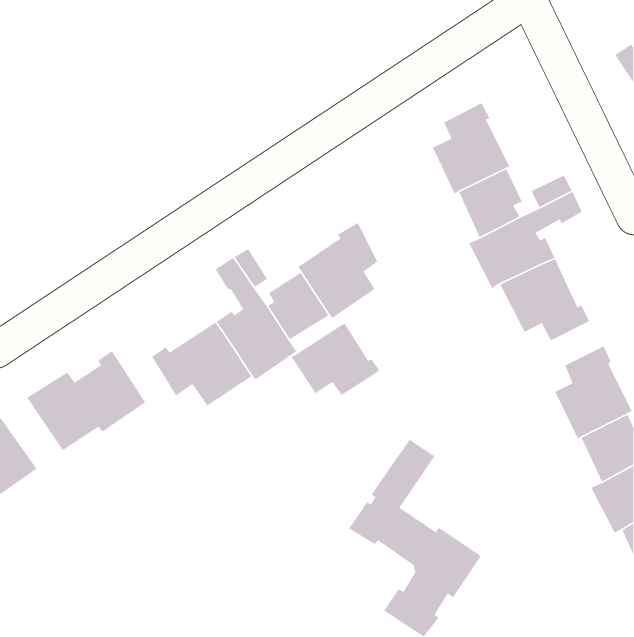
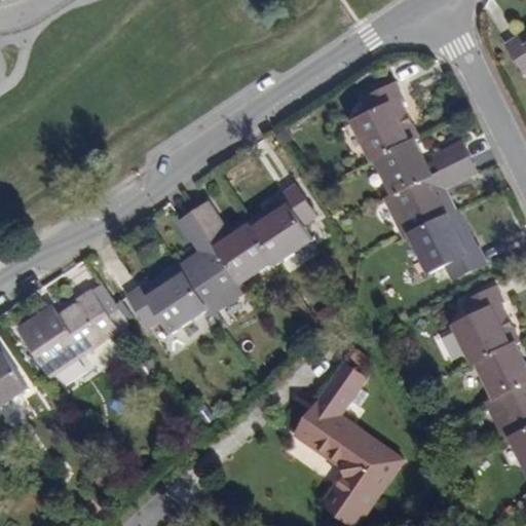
building: [290,322,380,396] -> none

